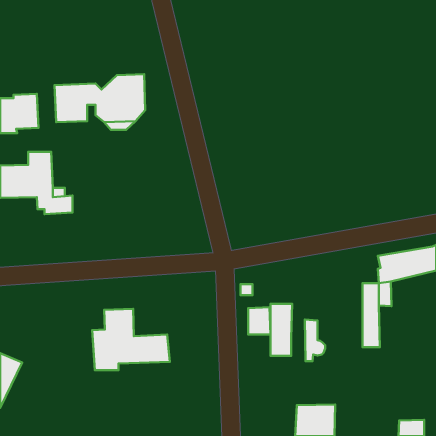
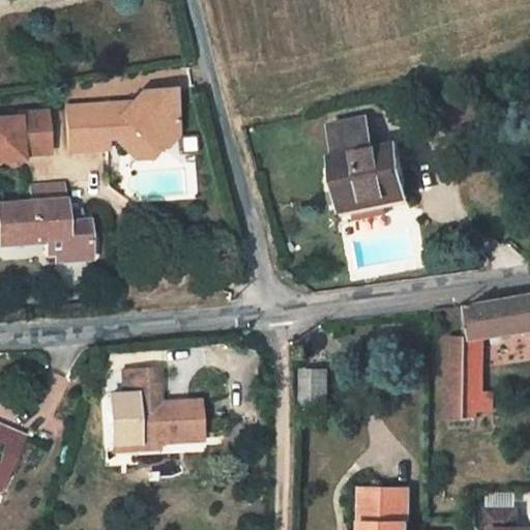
building: none -> [328,117,404,208]
building: [270,304,292,356] -> none
building: [305,320,325,361] -> [460,371,484,421]

